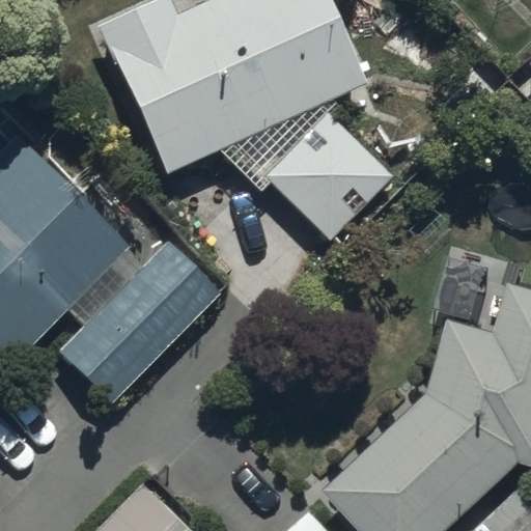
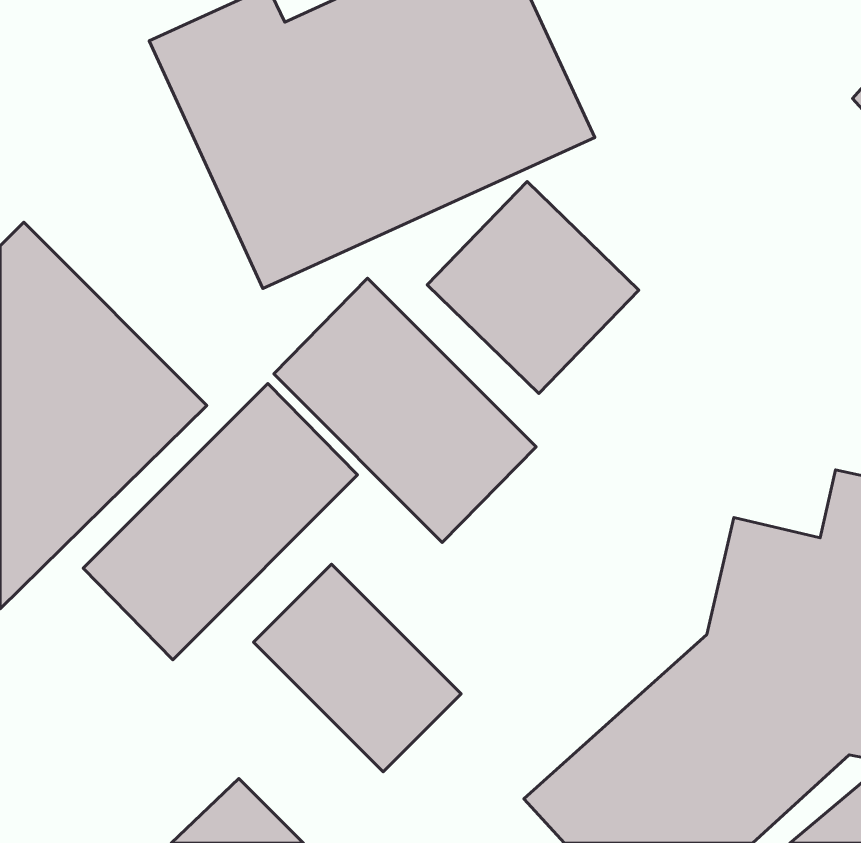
building: none -> [274,278,536,542]
building: none -> [253,564,461,772]

